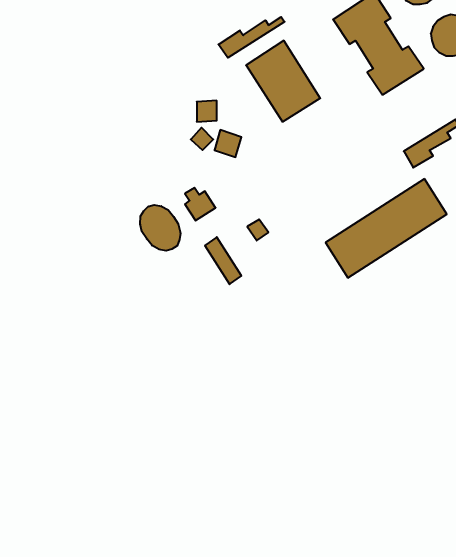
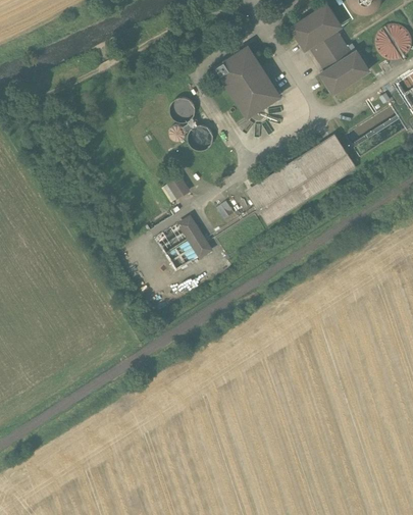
building: [218,17,285,58] -> none
building: [326,179,447,278] -> [249,137,354,222]
building: [140,205,180,251] -> none

